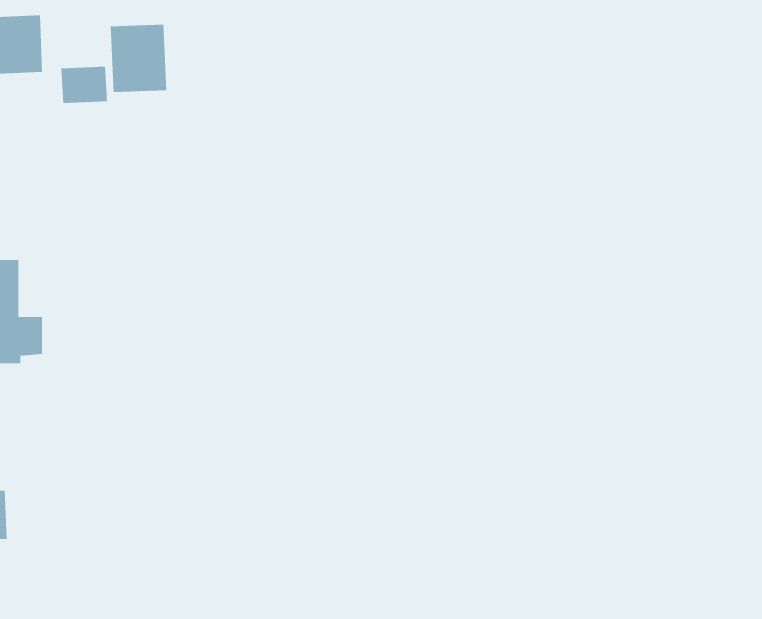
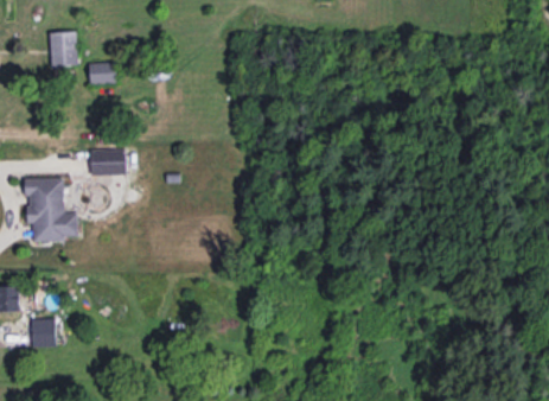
building: [110,24,167,93] -> none
building: none -> [90,149,126,176]

